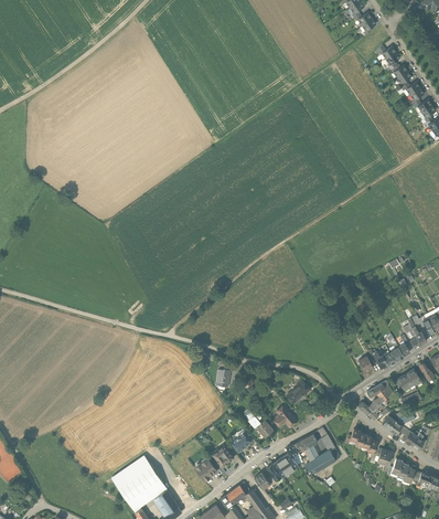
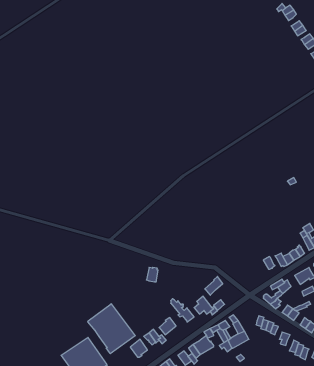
building: none -> [88,304,135,354]

